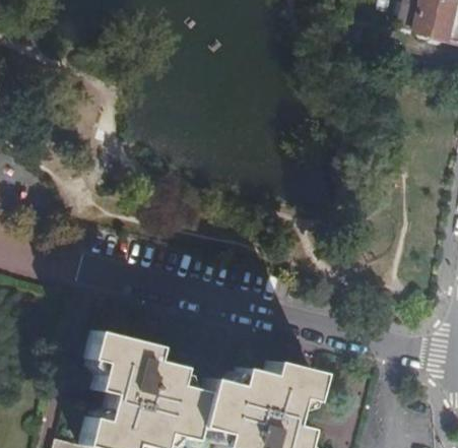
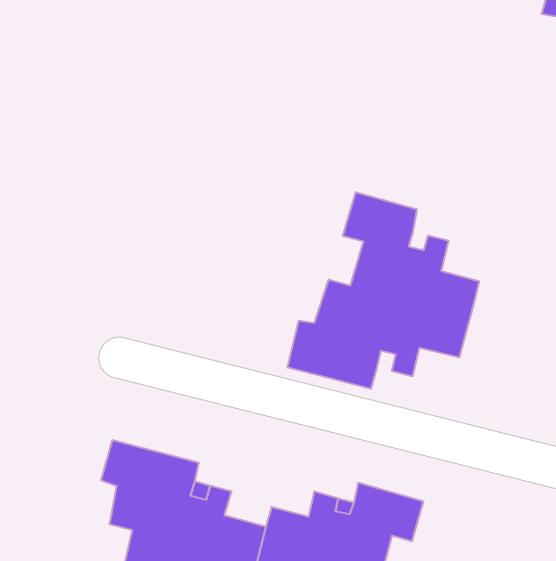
building: none -> [287,192,479,389]

